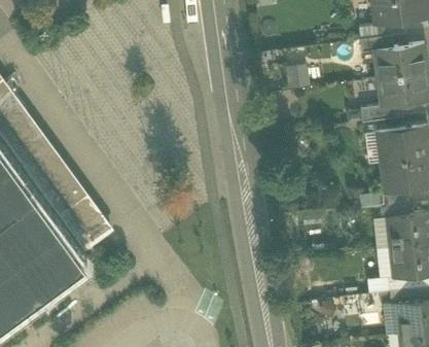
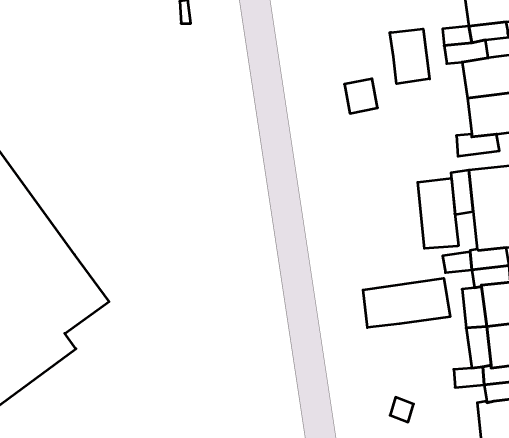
building: none -> [390,29,430,84]
building: none -> [418,178,458,248]
building: none -> [363,278,450,328]

